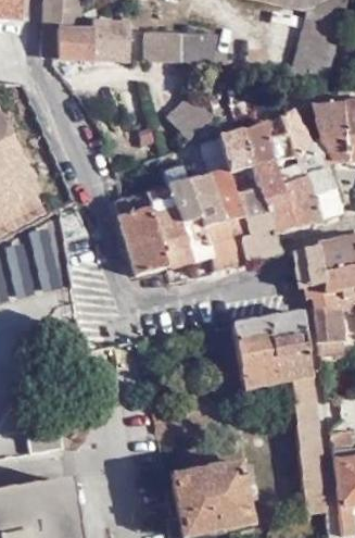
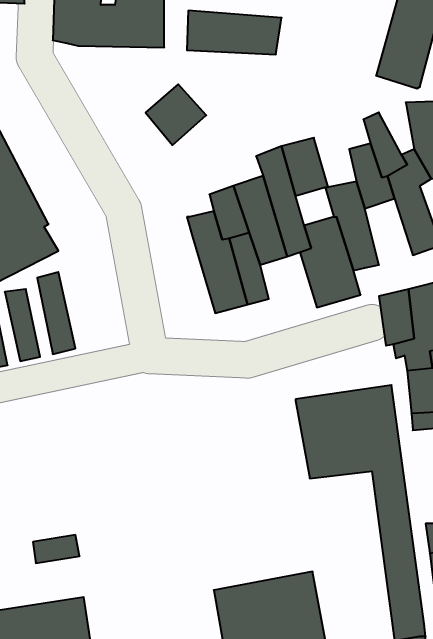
building: [168,91,215,138] -> [146,84,206,145]
building: [244,118,277,165] -> none
building: [283,174,320,225] -> none
building: [118,203,168,271] -> none
building: [203,215,246,267] -> none

